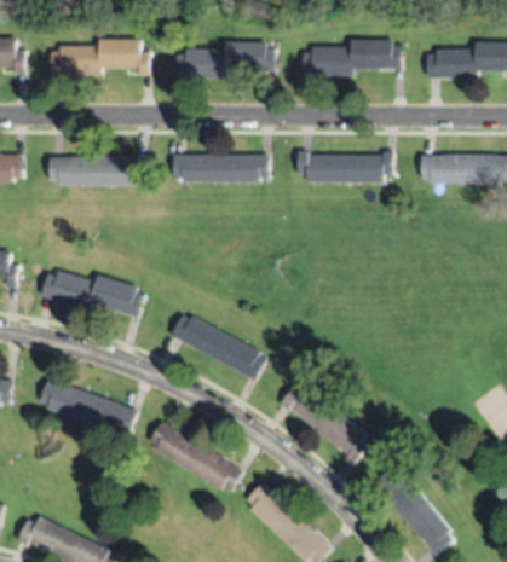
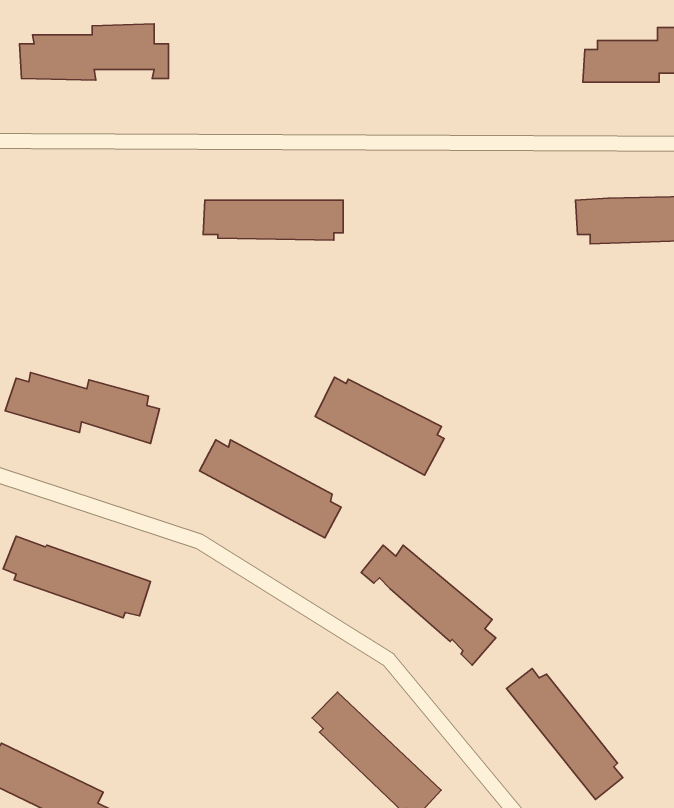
building: [303,40,402,76] -> none
building: [177,42,276,80] -> none
building: [299,151,393,182] -> none
building: [50,157,145,186] -> none
building: none -> [315,377,444,475]
building: [150,423,243,491] -> none

